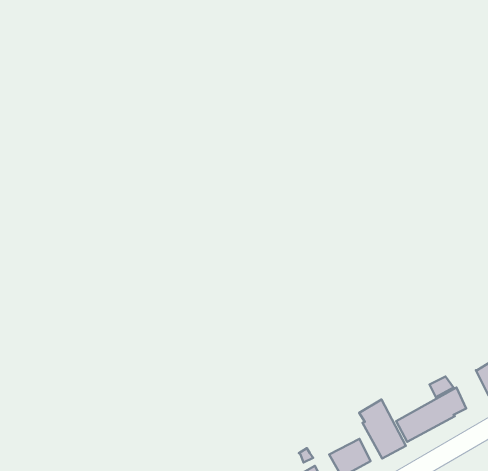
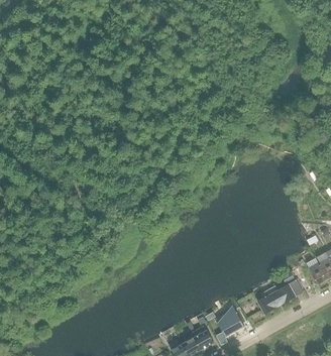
building: [359,400,406,458] -> none

